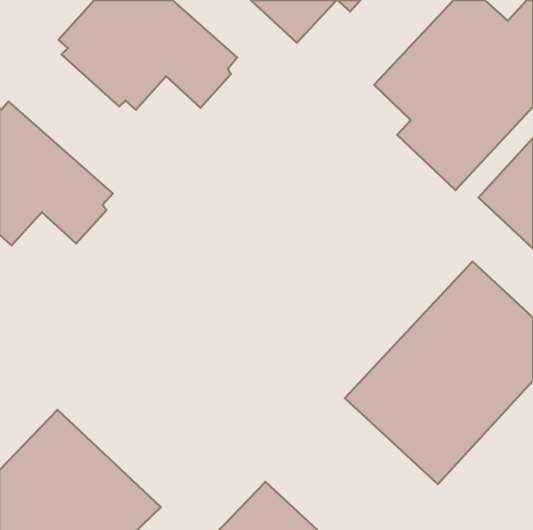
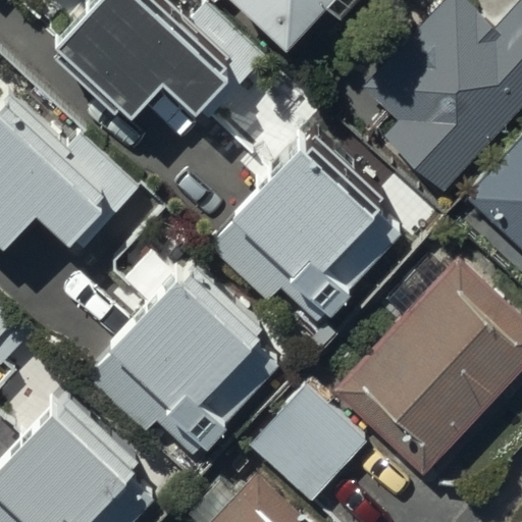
building: none -> [206,138,405,321]
building: none -> [87,270,285,454]
building: none -> [246,373,365,491]

